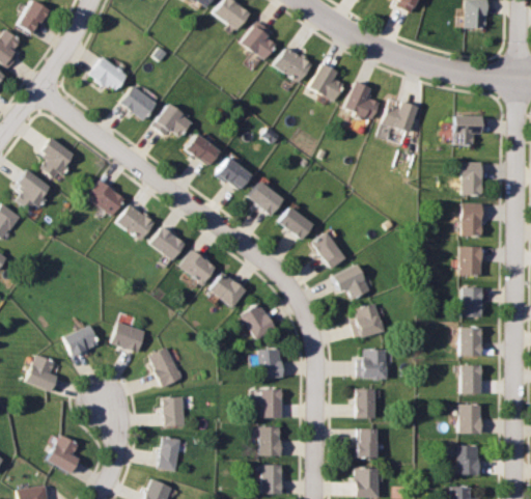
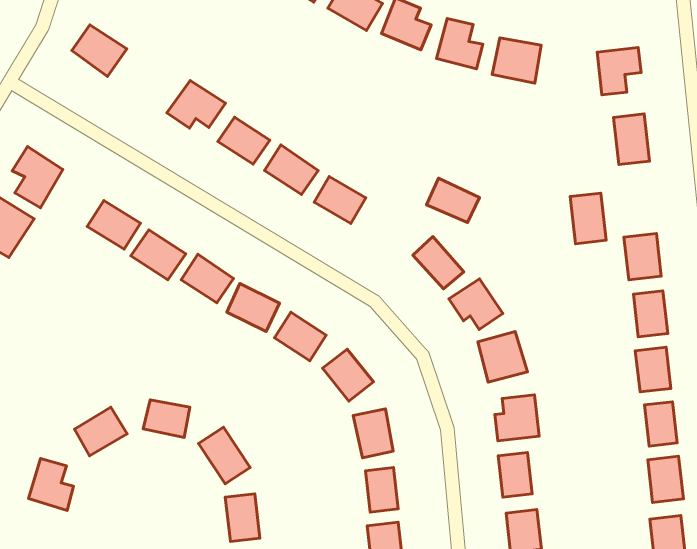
building: [121,86,158,120] -> none
building: [463,204,484,238] -> [570,193,606,244]
building: [278,206,315,240] -> [427,178,479,223]

